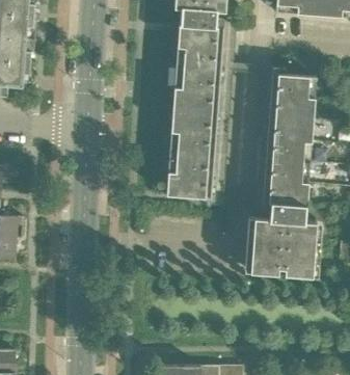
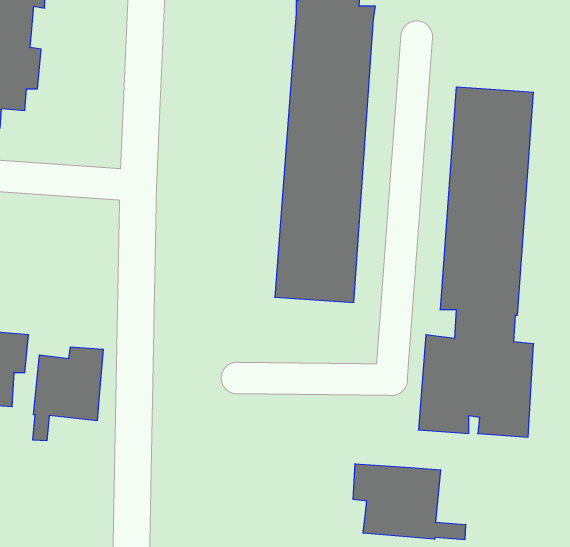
building: none -> [33,347,103,441]
building: none -> [353,464,465,540]

